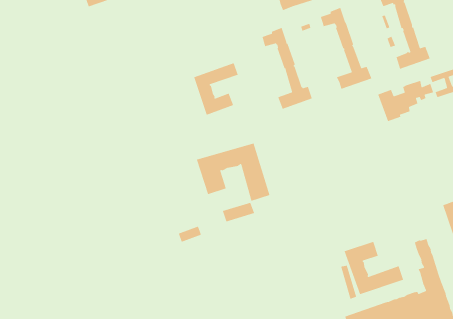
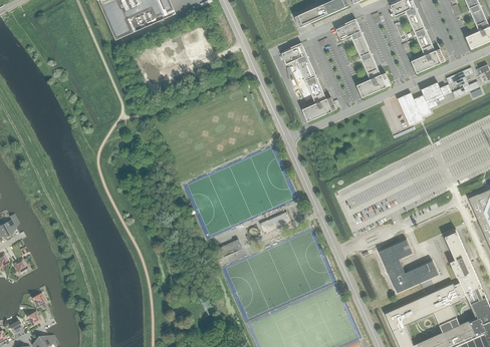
building: [193,62,239,116] -> none
building: [196,142,270,202] -> none

